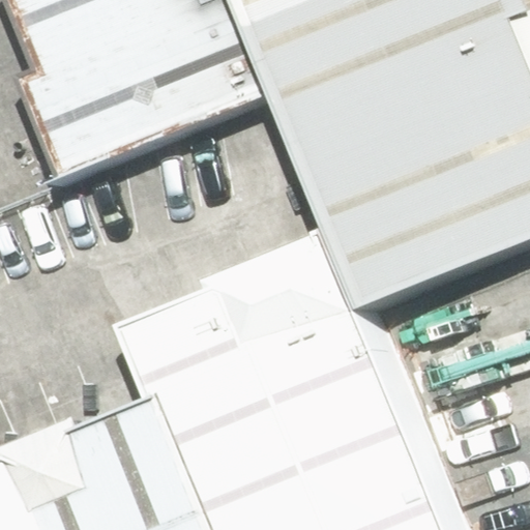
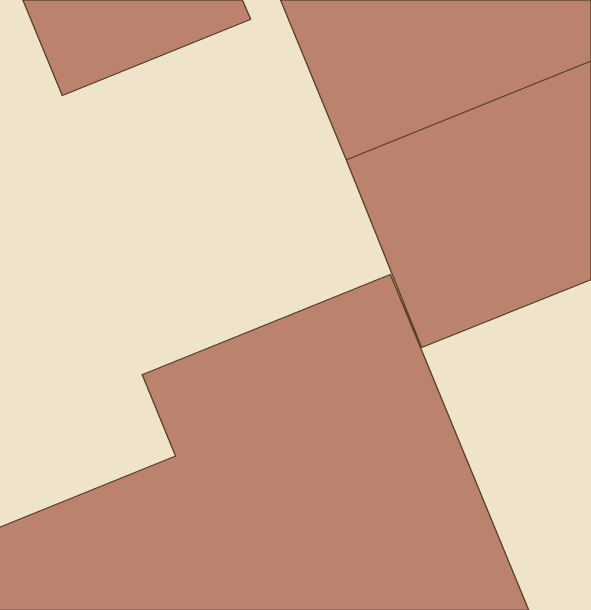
building: [54,17,254,169] -> none

